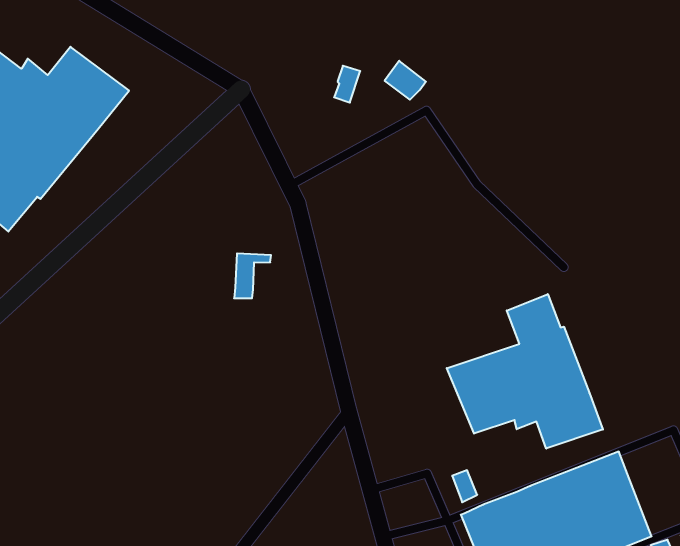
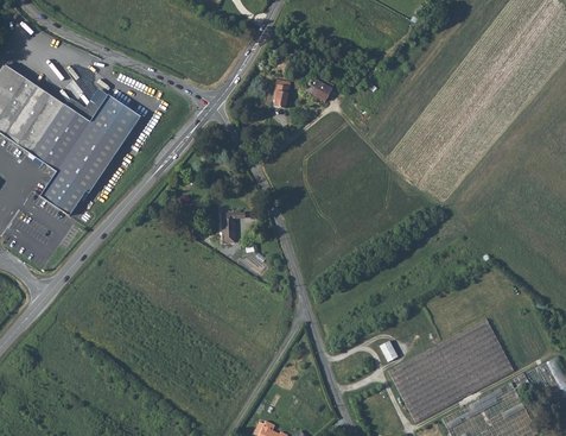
building: [447,294,603,449] -> none

